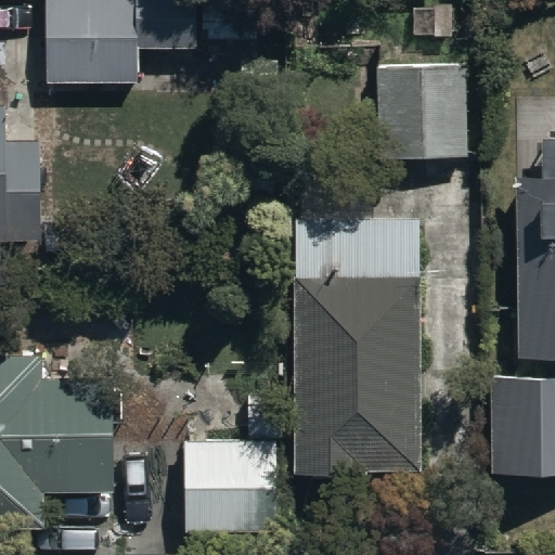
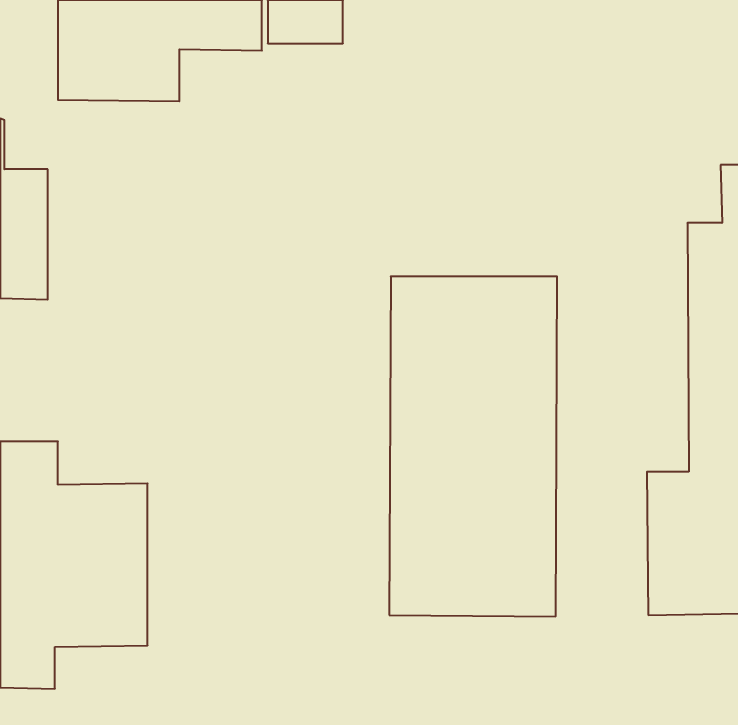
building: [378,65,468,157] -> none
building: [181,441,283,529] -> none

